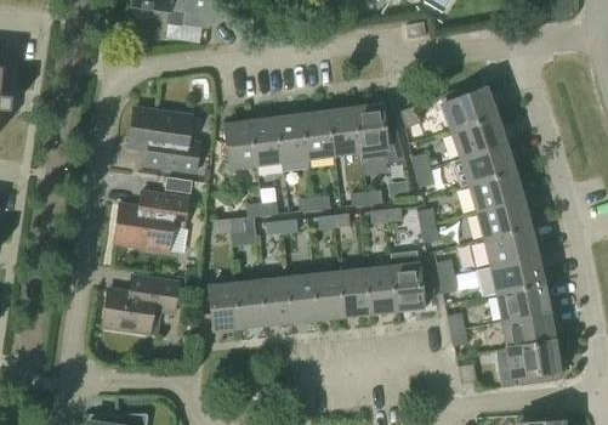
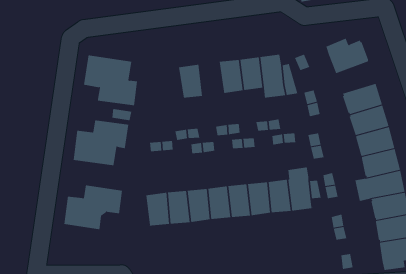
building: [278,117,309,161] -> none
building: [454,117,506,158] -> none
building: [223,124,257,168] -> none

